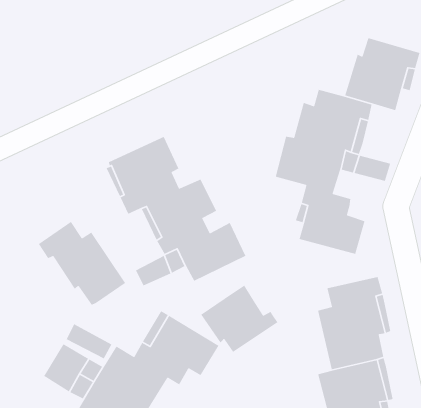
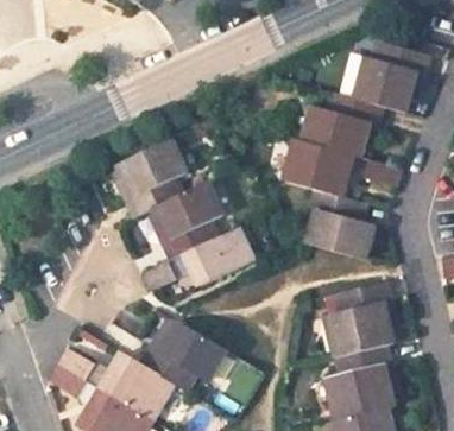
building: [38,221,126,306] -> none
building: [200,284,278,353] -> none

